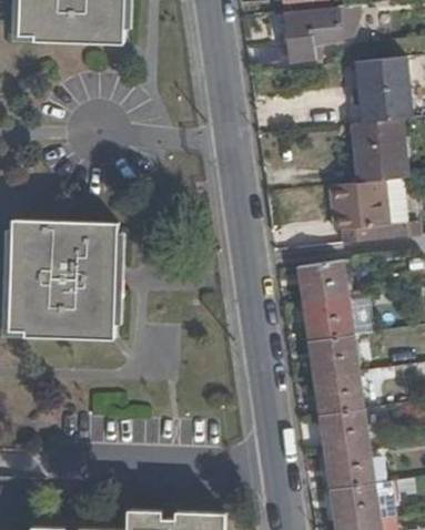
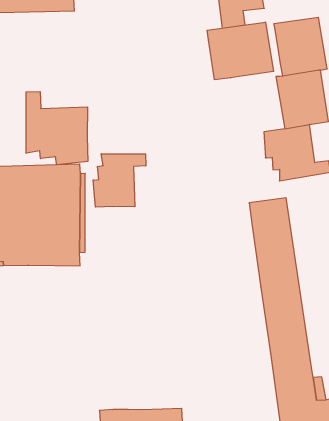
building: none -> [207,22,274,80]
building: none -> [26,92,88,165]
building: none -> [93,154,146,207]

